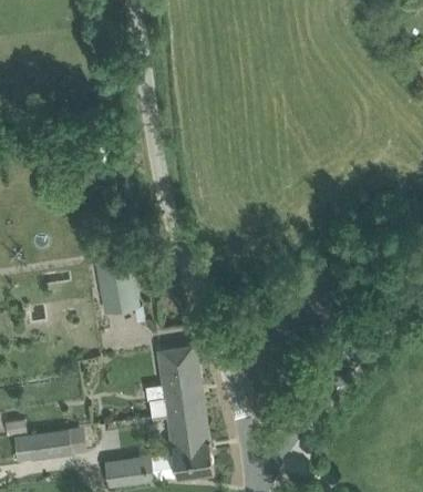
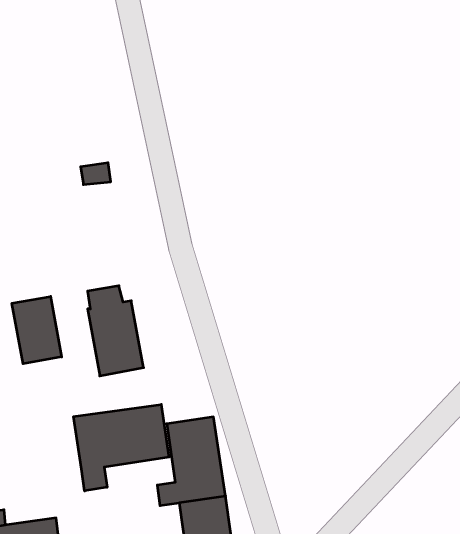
building: none -> [12,296,62,364]
building: none -> [74,404,169,491]

